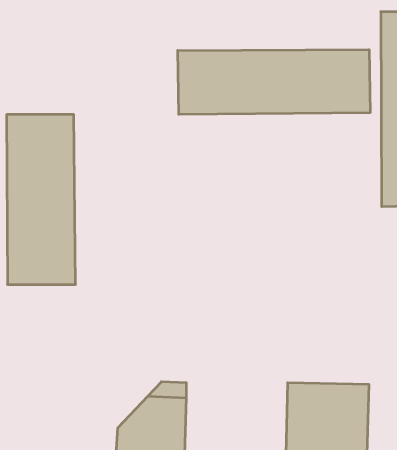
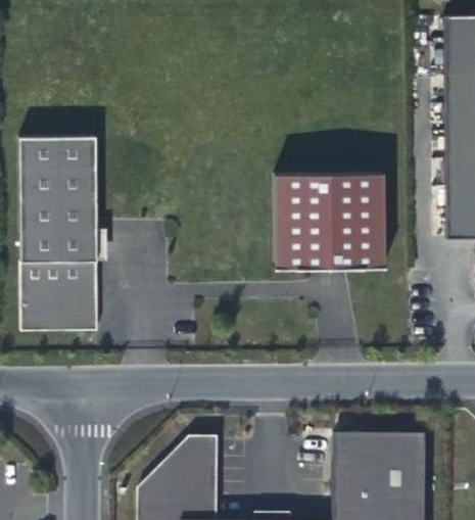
building: [178,50,370,114] -> none
building: none -> [274,174,387,269]

